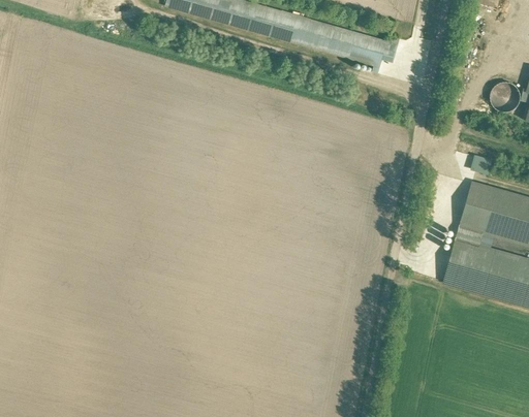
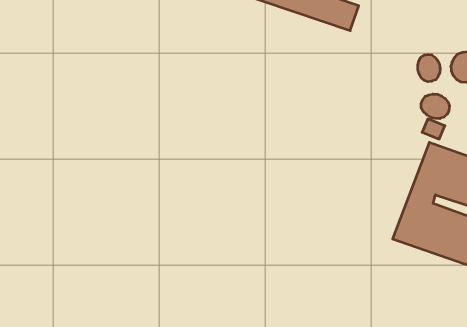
building: none -> [418,55,440,82]
building: none -> [421,94,449,119]

